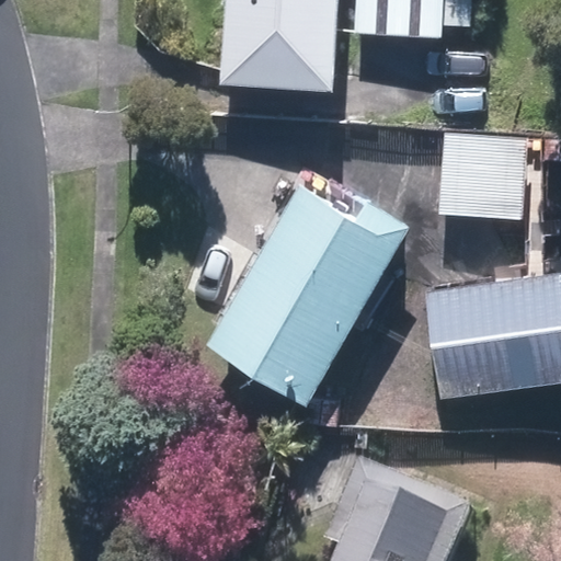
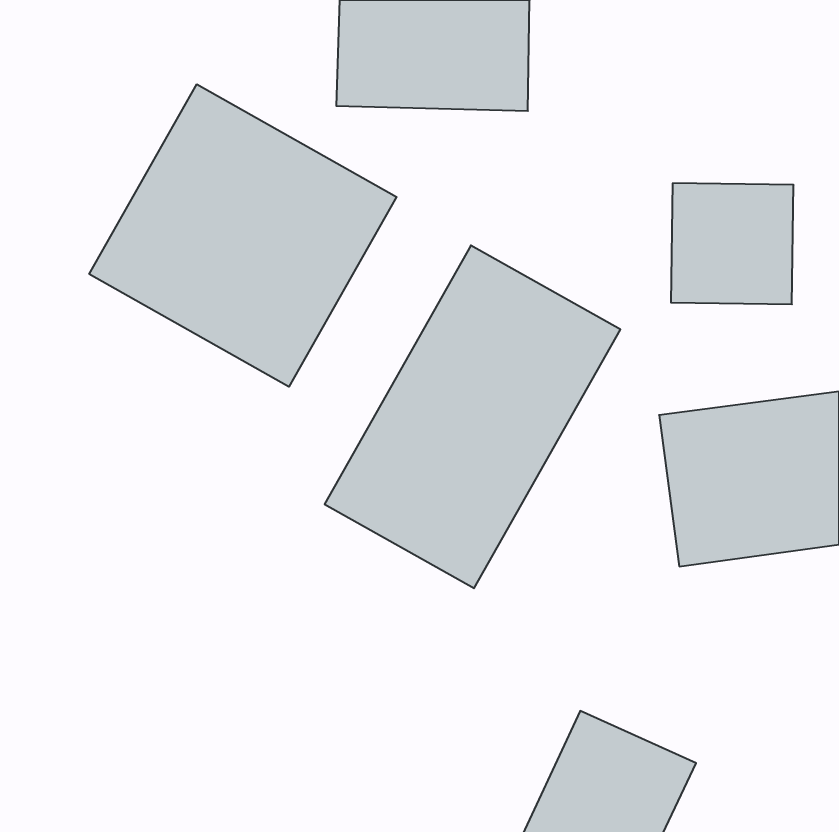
building: none -> [89,84,397,387]

